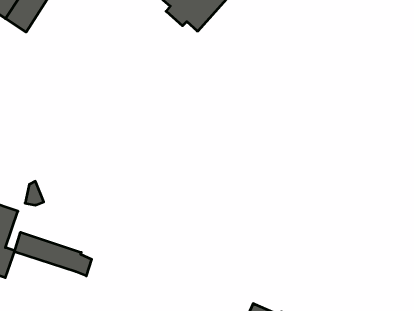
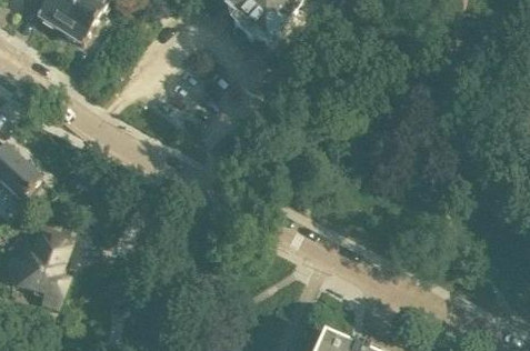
building: [14,232,92,276] -> none

